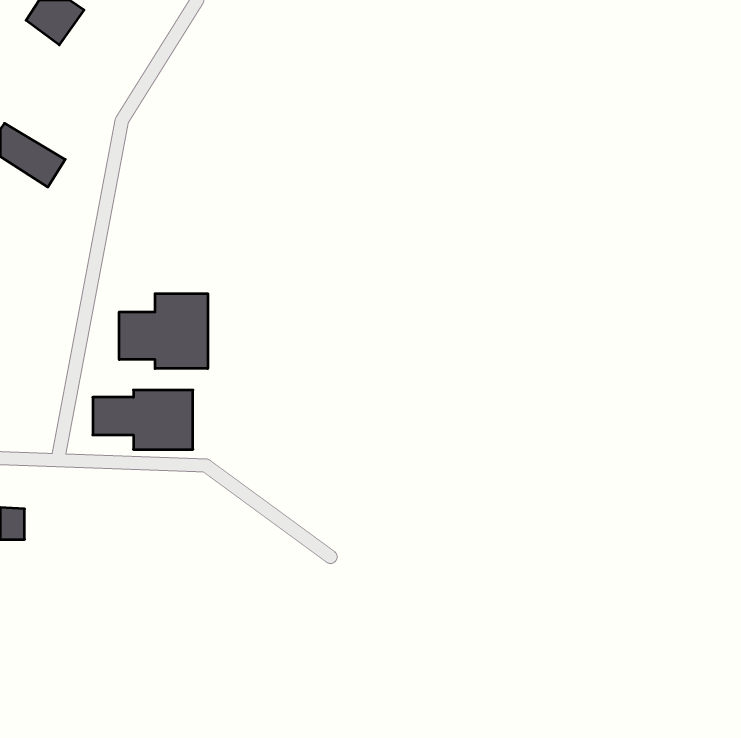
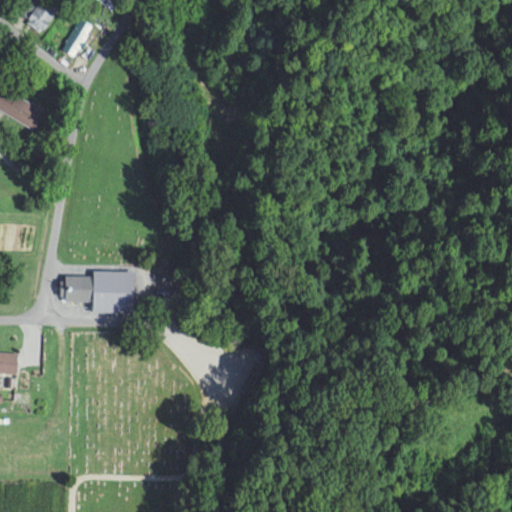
building: none -> [61,19,92,58]
building: [119,294,208,369] -> none

